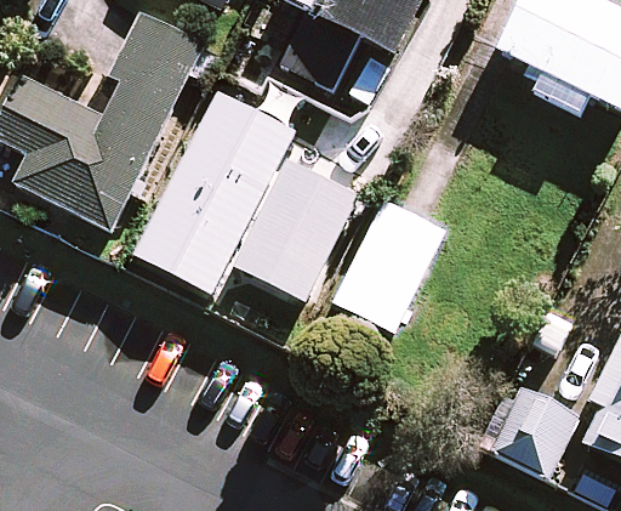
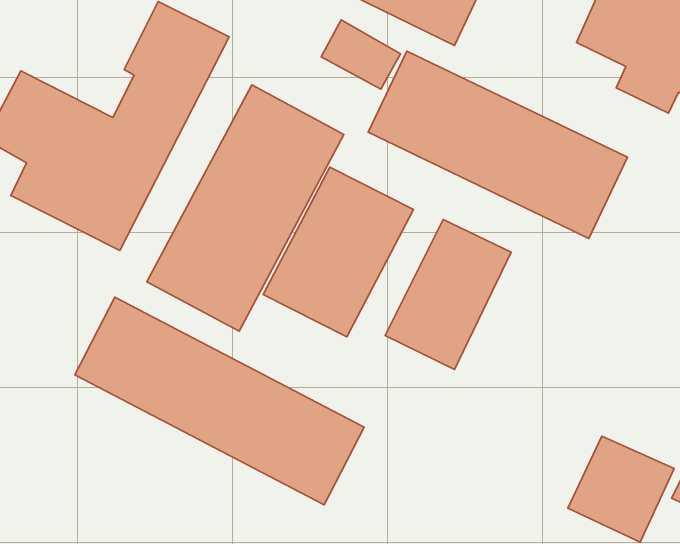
building: none -> [368,51,627,239]
building: none -> [75,297,364,505]

